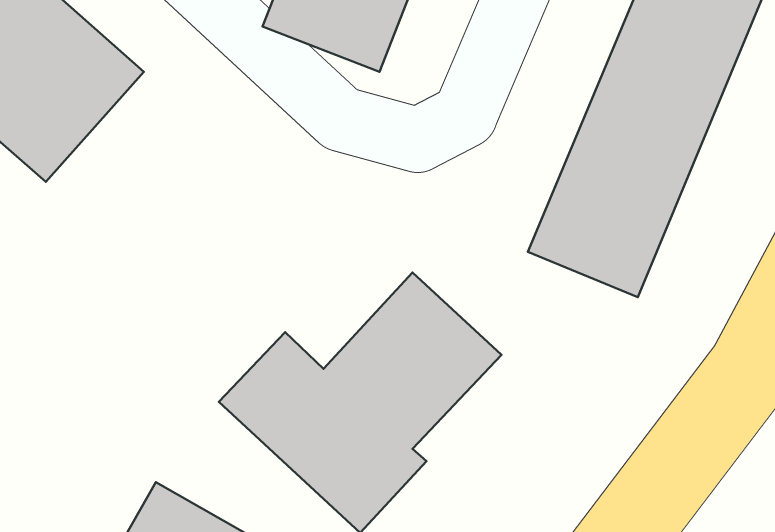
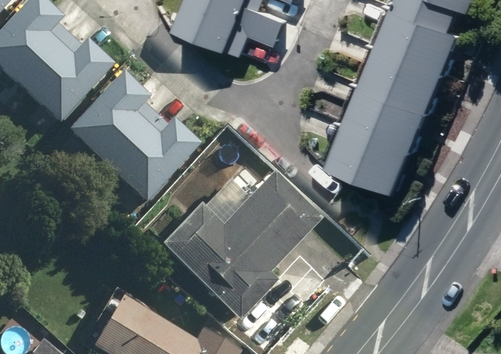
building: none -> [63,69,198,200]

